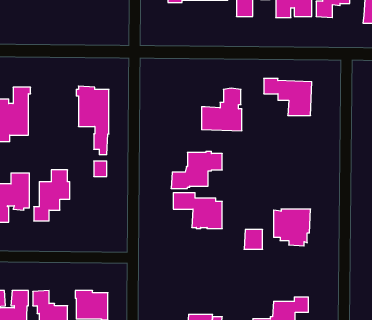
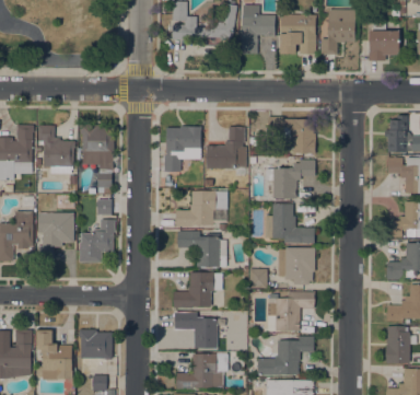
building: none -> [38,125,74,173]
building: none -> [164,126,200,172]
building: none -> [265,160,315,198]
building: none -> [264,204,314,243]
building: none -> [79,219,115,263]
building: none -> [173,271,222,307]
building: none -> [267,291,314,330]
building: none -> [174,312,217,348]

